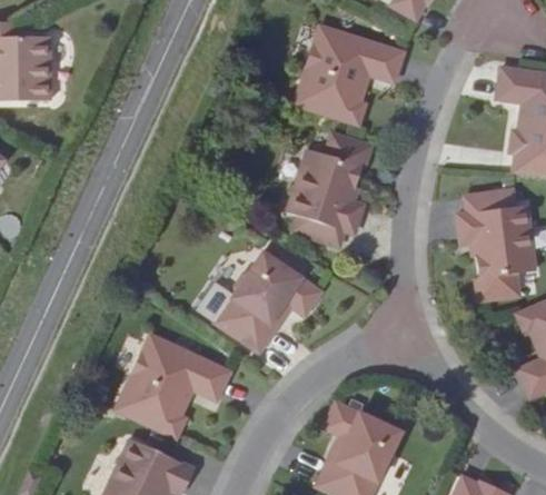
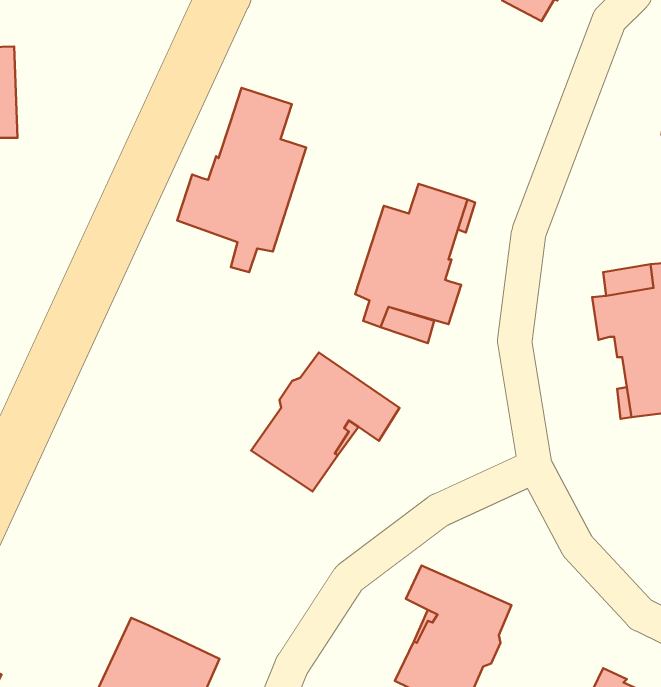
building: [295,27,403,125] -> none
building: none -> [177,88,306,272]
building: [117,334,230,437] -> none

